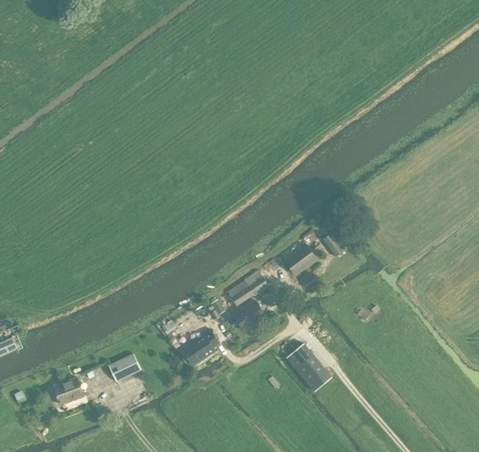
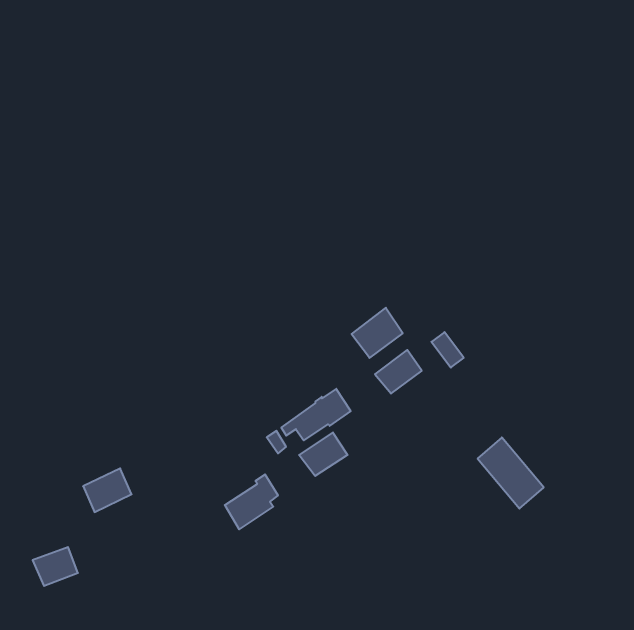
building: none -> [352,308,403,358]
building: [285,343,330,391] -> [478,437,544,509]
building: [107,353,140,382] -> [83,468,132,512]

